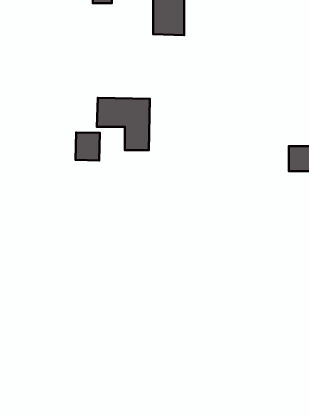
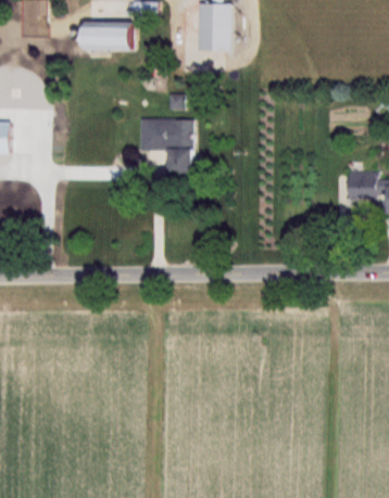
building: none -> [67,23,140,49]
building: [75,133,100,160] -> none

